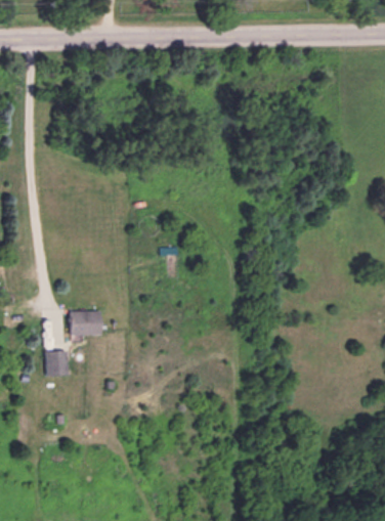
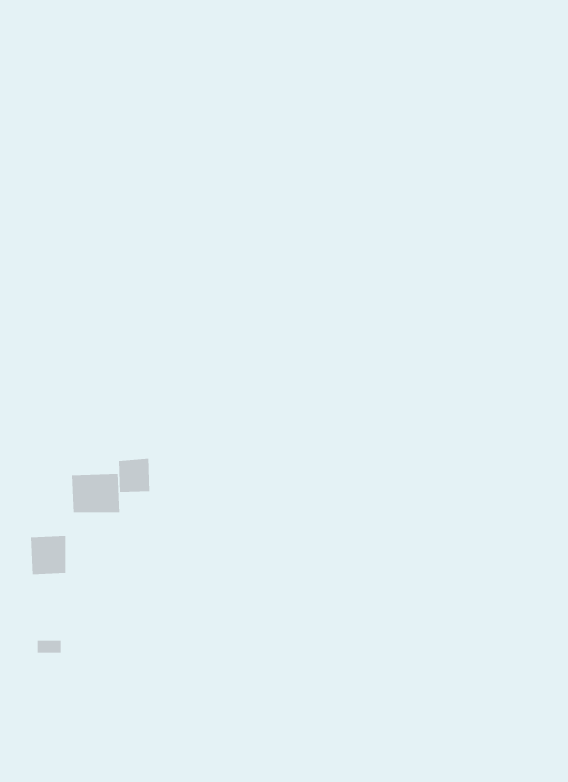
building: none -> [118,458,150,493]

